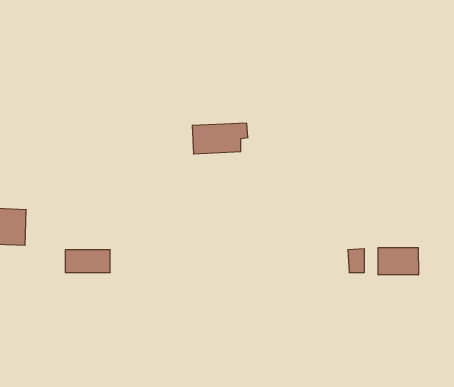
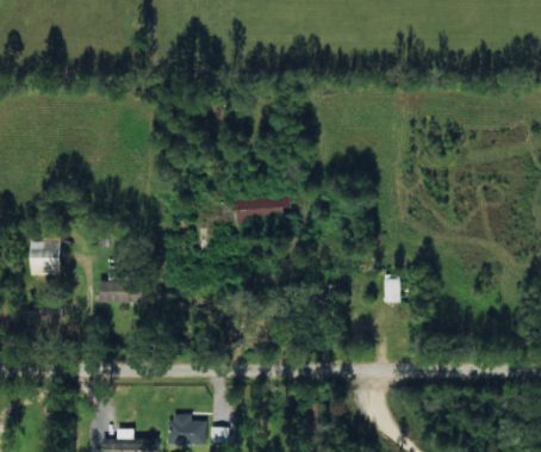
building: [192,123,248,154] -> [234,192,290,223]
building: [378,248,418,275] -> none

